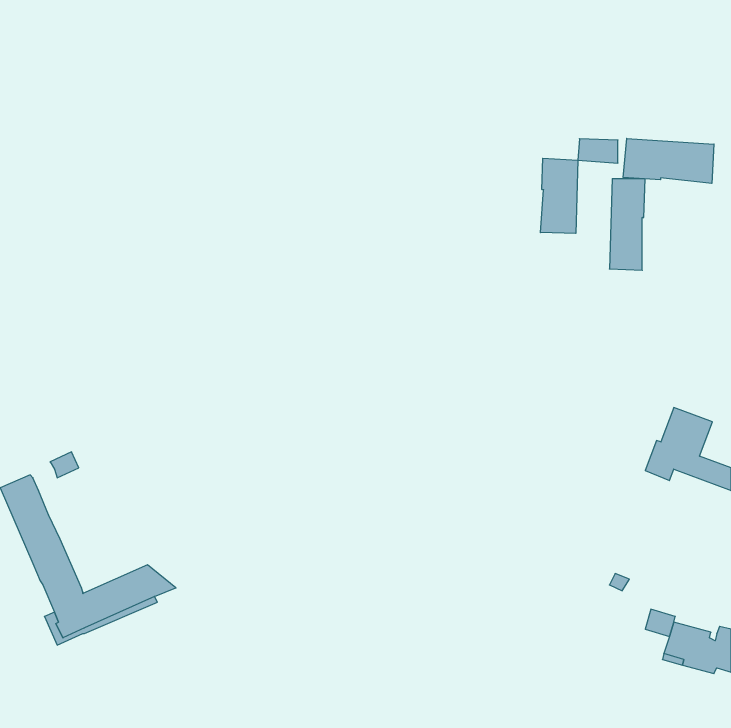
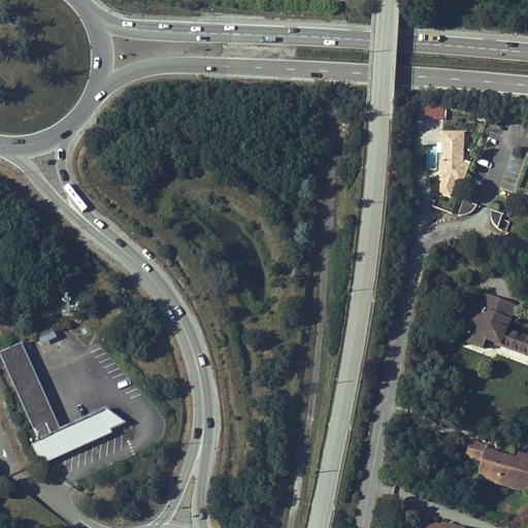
building: [623,138,714,183] -> none
building: [540,158,578,233] -> none

